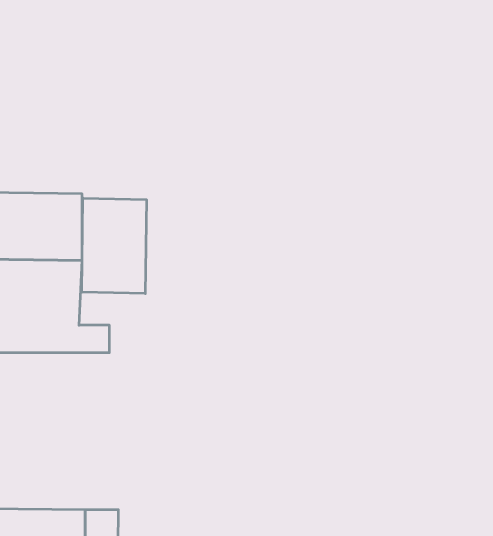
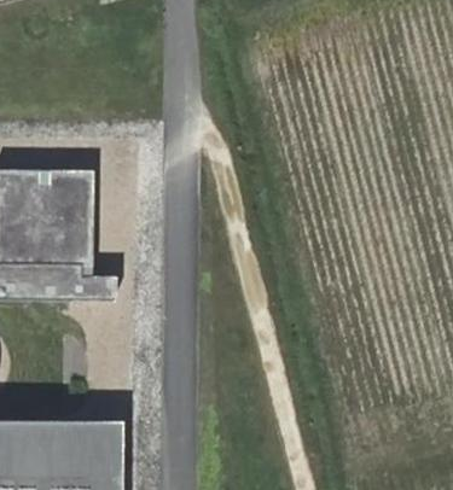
building: [82,198,146,294] -> none

